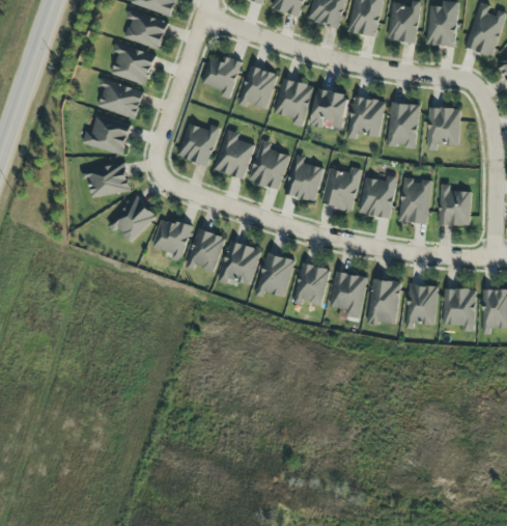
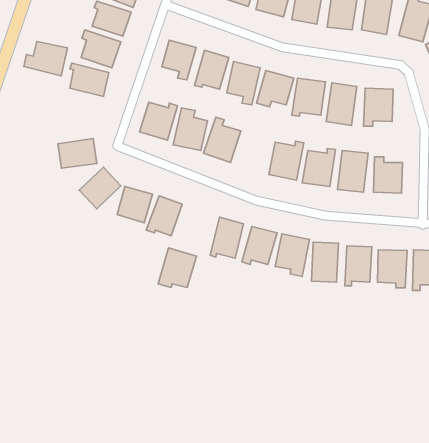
building: [83,116,132,155] -> [24,41,68,76]
building: [285,154,325,201] -> none
building: [219,241,261,285] -> [158,248,196,288]

